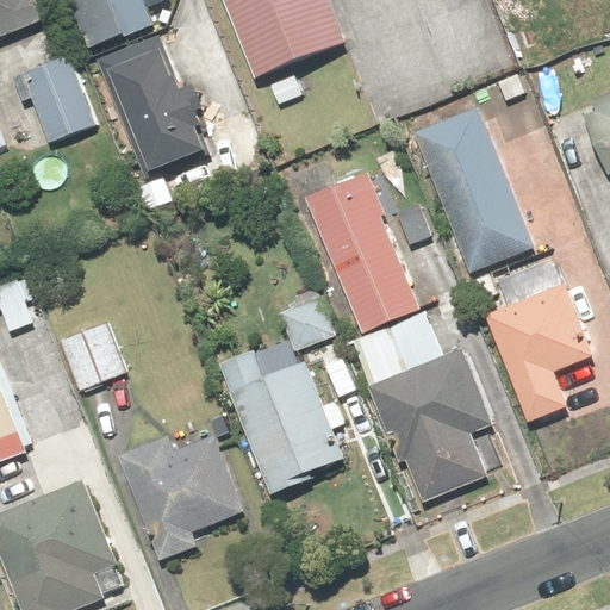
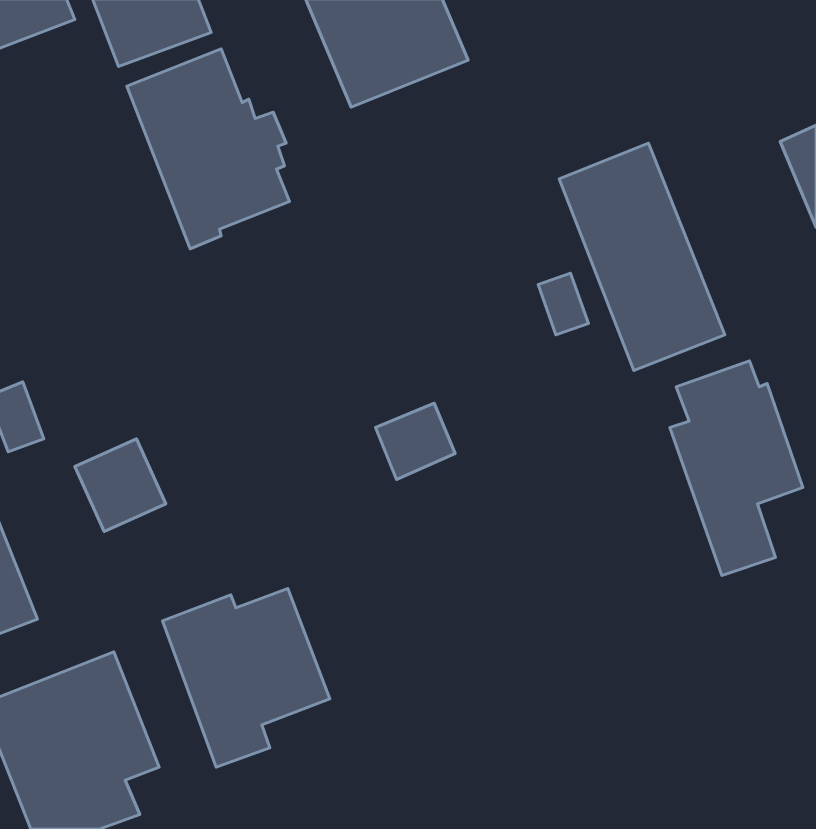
building: [8,52,94,141] -> none
building: [305,174,491,500] -> none
building: [220,348,343,496] -> none

